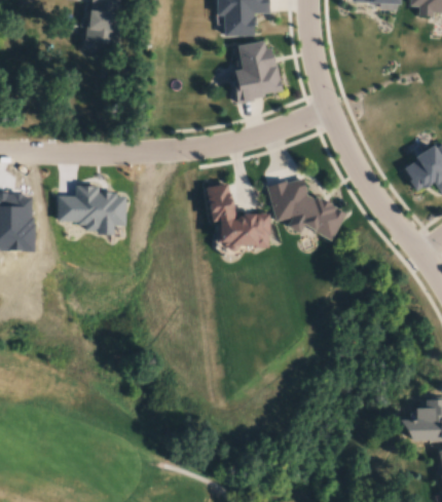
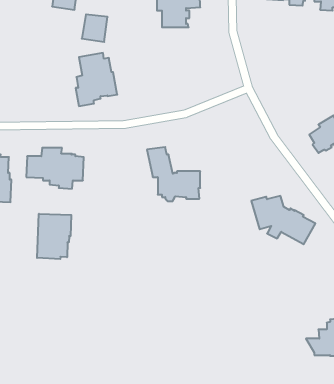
building: [80,17,112,51] -> [82,14,108,42]
building: [232,39,284,105] -> [76,53,117,106]
building: [267,180,346,239] -> [251,196,315,244]
building: none -> [37,214,71,259]

